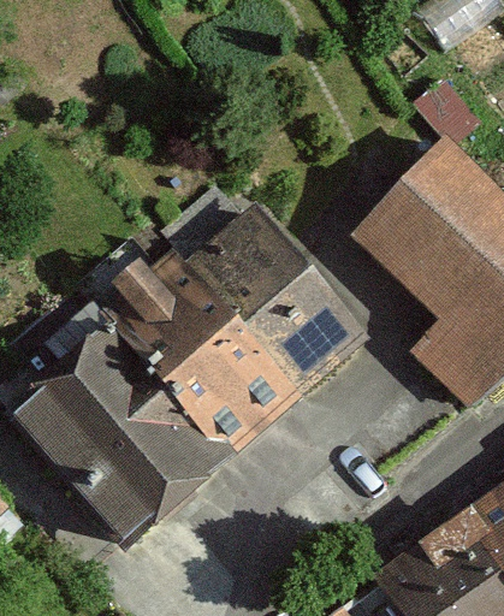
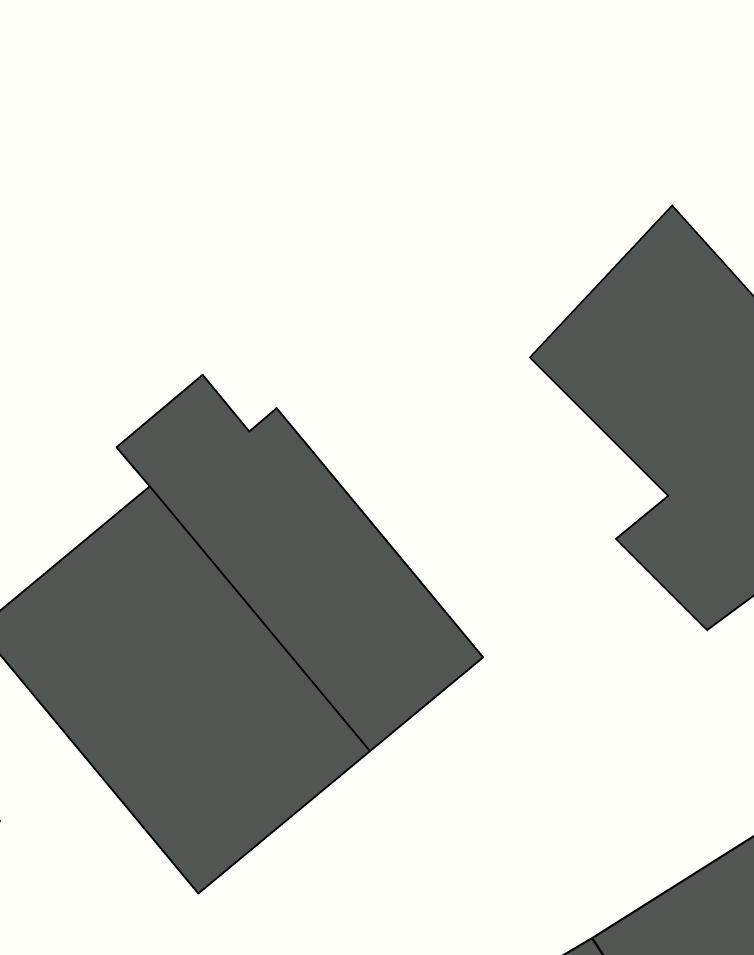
building: [166,186,380,411] -> none

